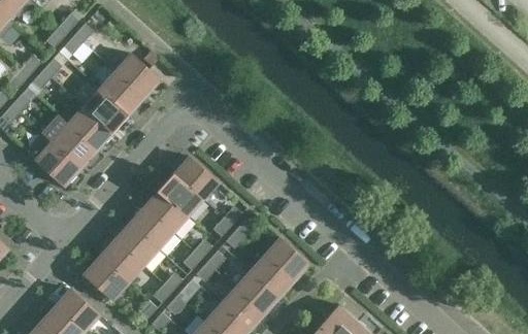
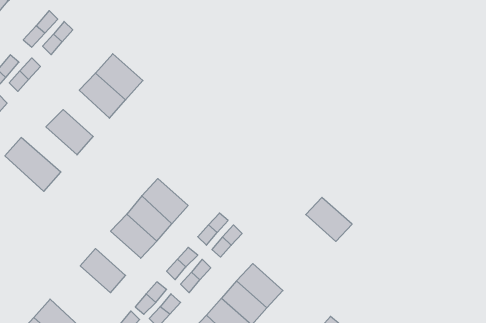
building: [82,89,127,133] -> none
building: [41,115,96,167] -> none
building: [173,157,218,199] -> none
building: [113,224,157,266] -> none
building: [264,238,308,280] -> [306,197,352,241]
building: [84,257,128,299] -> none

